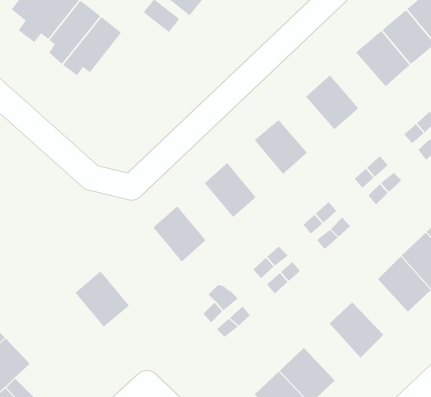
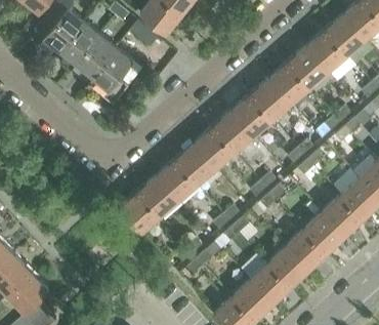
building: none -> [93,48,133,106]
building: none -> [270,63,311,104]
building: none -> [233,95,273,136]
building: none -> [195,127,236,169]
building: none -> [158,159,199,201]
building: [74,271,130,328] -> [120,192,161,234]
building: none -> [287,230,328,271]
building: none -> [251,262,293,304]

